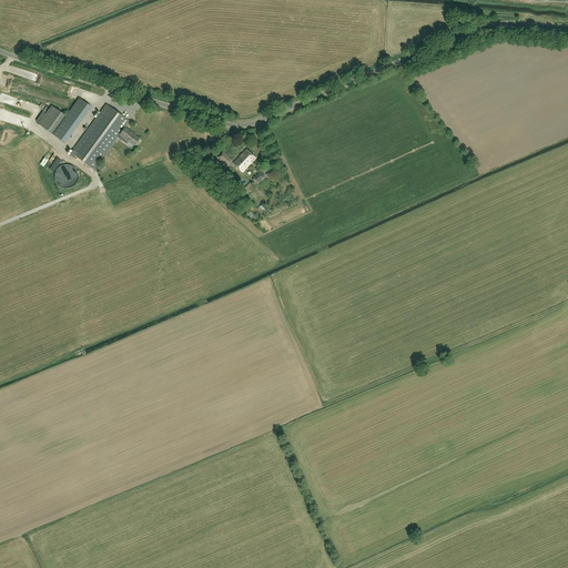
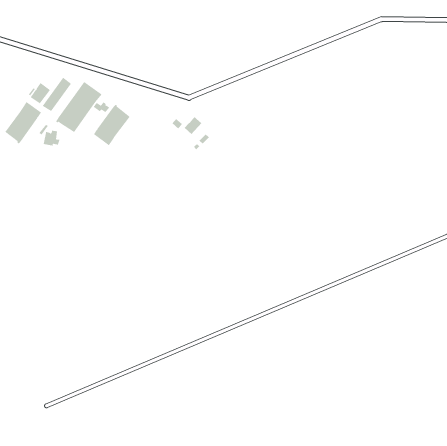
building: none -> [4,101,42,144]
building: none -> [93,104,130,146]

